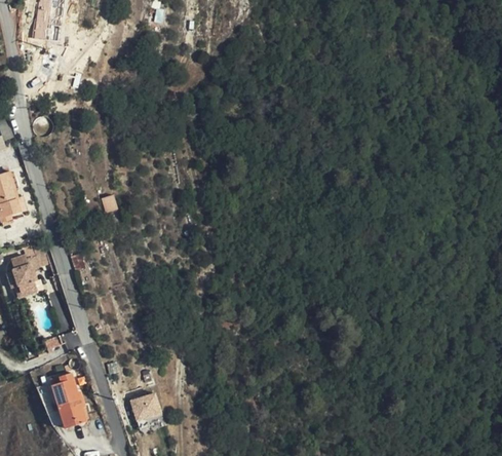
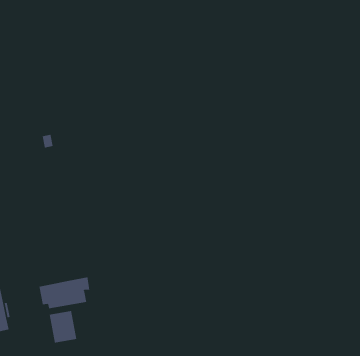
building: none -> [39,277,90,309]

